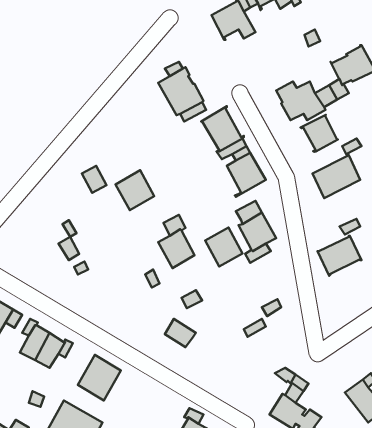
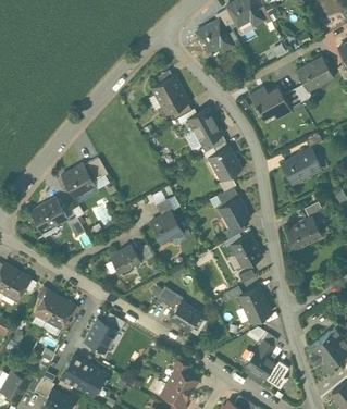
building: [300,115,338,152] -> none
building: [115,170,154,210] -> [62,164,95,198]
building: none -> [30,198,67,228]
building: [205,227,243,266] -> [231,235,262,268]
building: none -> [110,245,141,274]
building: none -> [239,288,271,320]
building: none -> [170,301,200,331]

